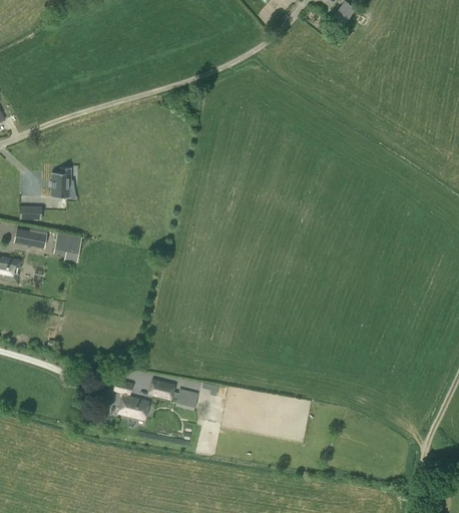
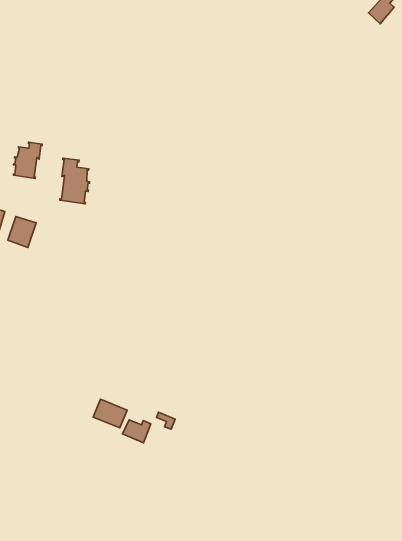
building: none -> [60,158,90,204]
building: [115,380,149,419] -> none

